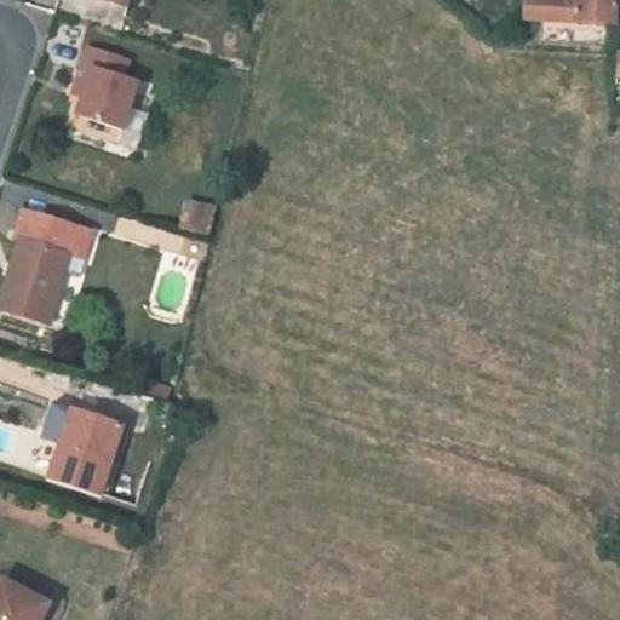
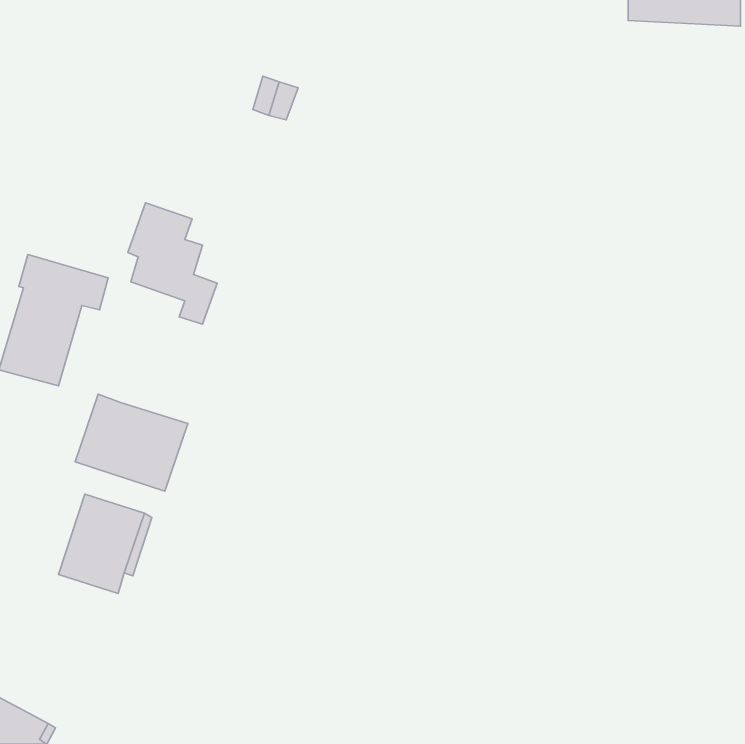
building: [73,47,147,148] -> [128,203,217,324]
building: none -> [75,394,188,491]

